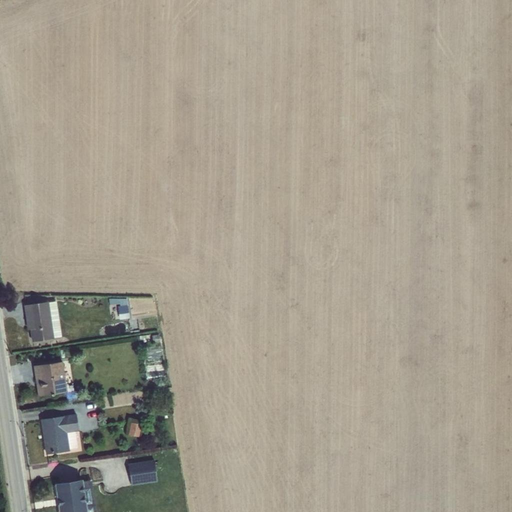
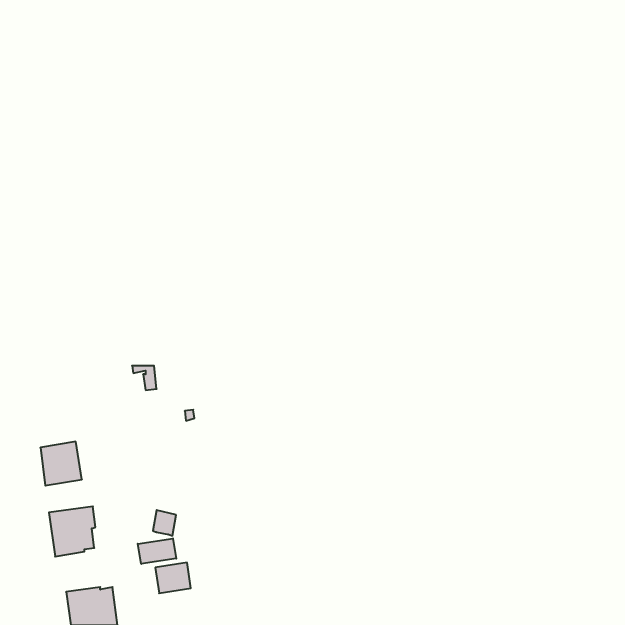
building: [23,301,61,342] -> none
building: none -> [138,538,176,564]

